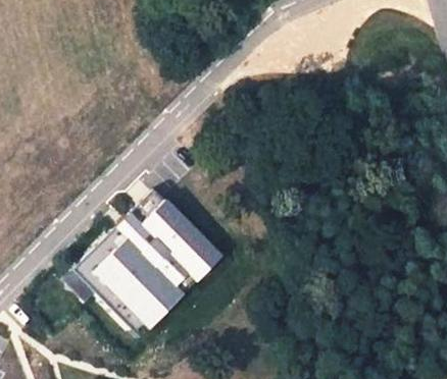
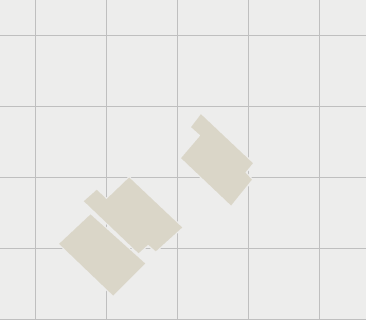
building: none -> [180,113,254,206]

